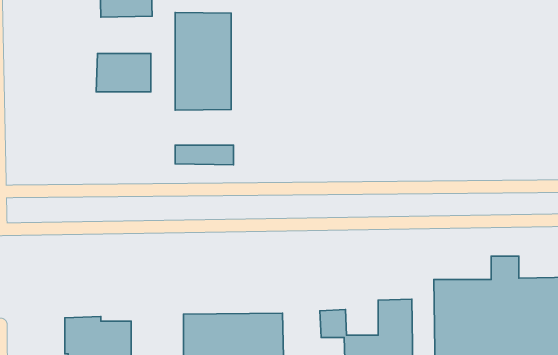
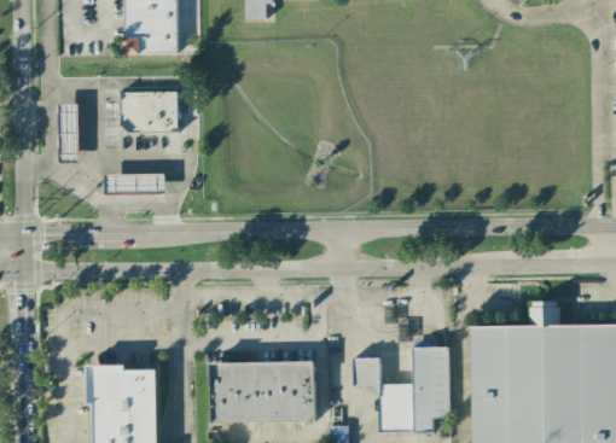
building: [175,13,231,110] -> none
building: none -> [58,103,80,159]
building: [175,145,234,165] -> [105,173,165,193]

